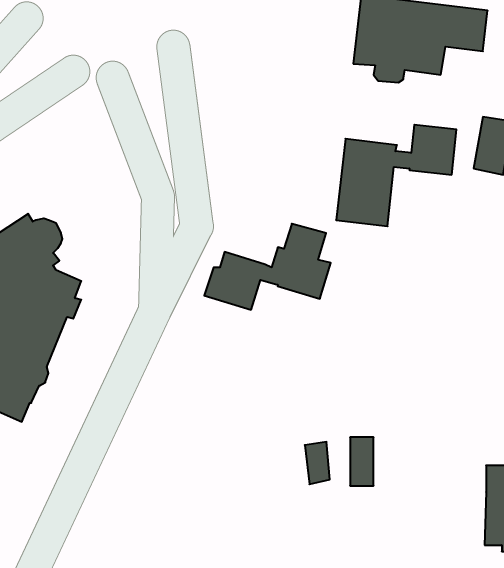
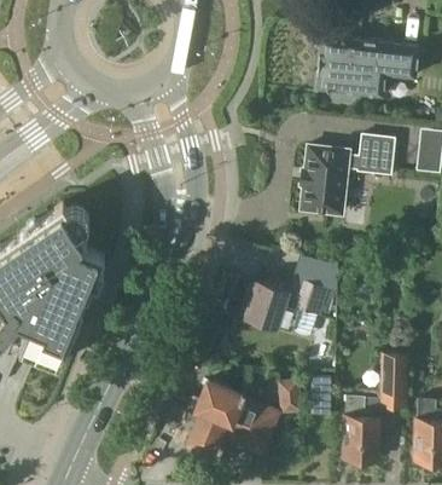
building: [204,224,331,310] -> [240,260,338,327]
building: none -> [344,353,408,463]
building: none -> [184,381,275,452]

